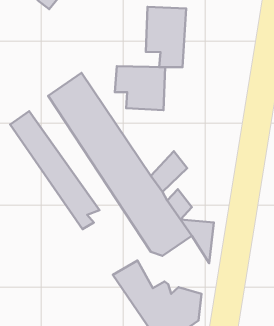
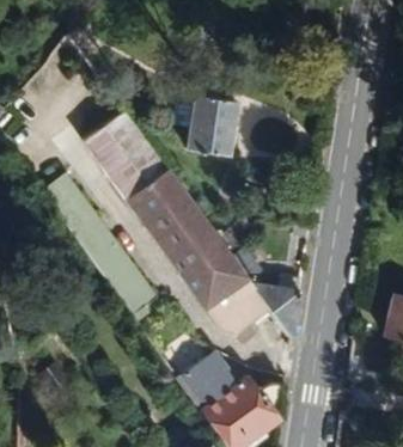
building: [146,7,186,67] -> none

